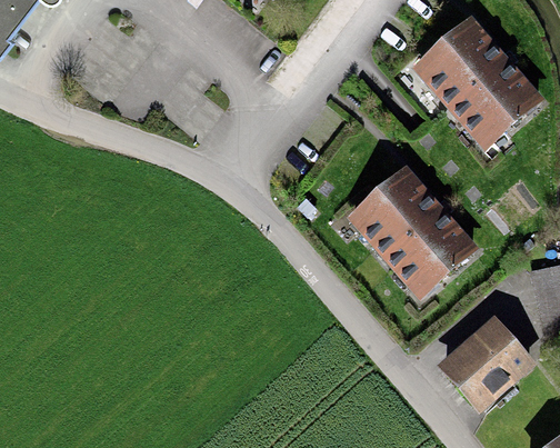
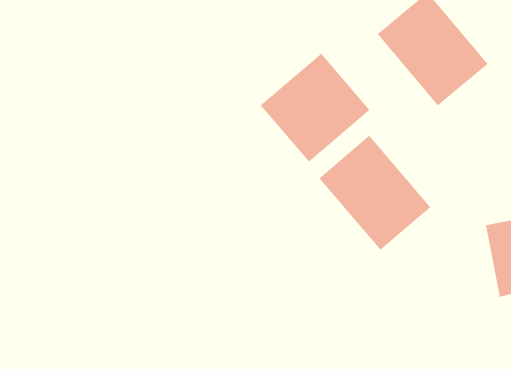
building: none -> [260,53,370,163]
building: [443,323,527,406] -> none

